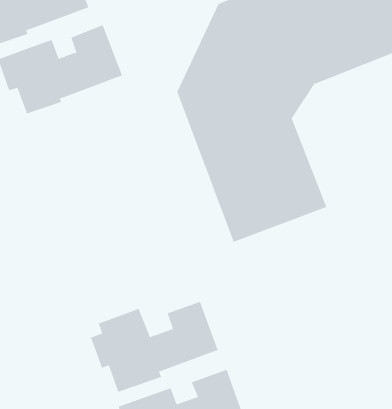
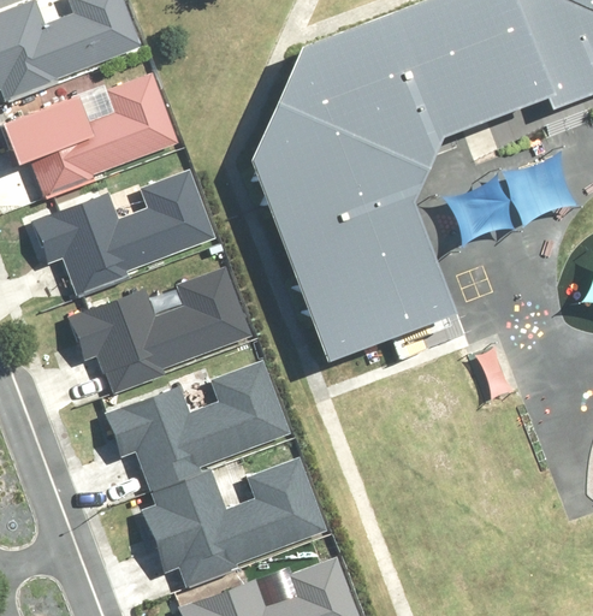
building: none -> [26,172,218,295]
building: none -> [53,270,243,390]
building: none -> [91,357,285,490]

